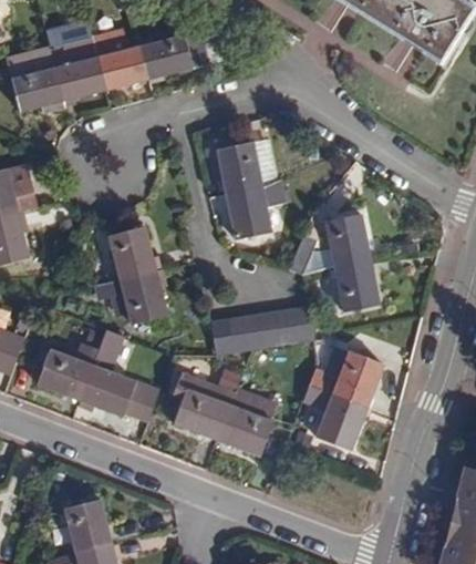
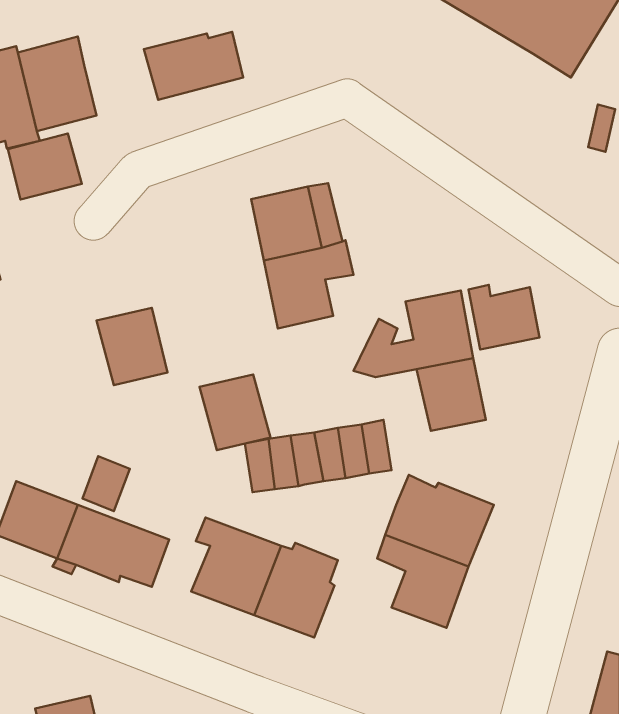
building: [97,44,149,91] -> [8,133,82,200]
building: none -> [468,285,540,350]
building: [118,271,168,325] -> [199,374,270,450]

